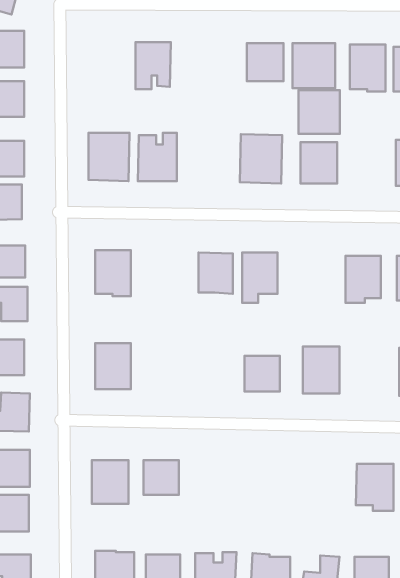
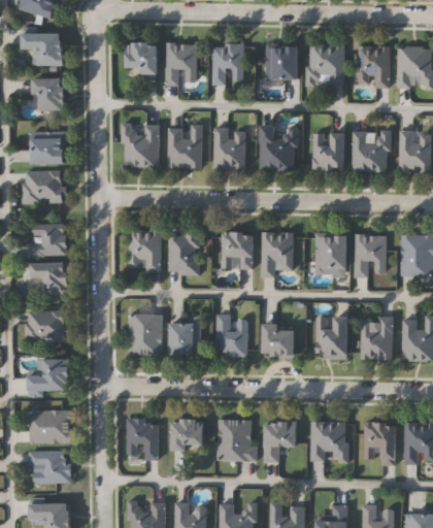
building: none -> [127,42,159,74]
building: none -> [211,43,243,85]
building: [299,90,340,134] -> [352,133,389,172]
building: none -> [213,129,245,169]
building: none -> [168,233,199,273]
building: none -> [314,234,348,268]
building: none -> [215,315,246,357]
building: none -> [170,316,201,355]
building: none -> [360,317,393,359]
building: none -> [218,420,256,460]
building: none -> [263,421,297,462]
building: none -> [310,421,348,461]

